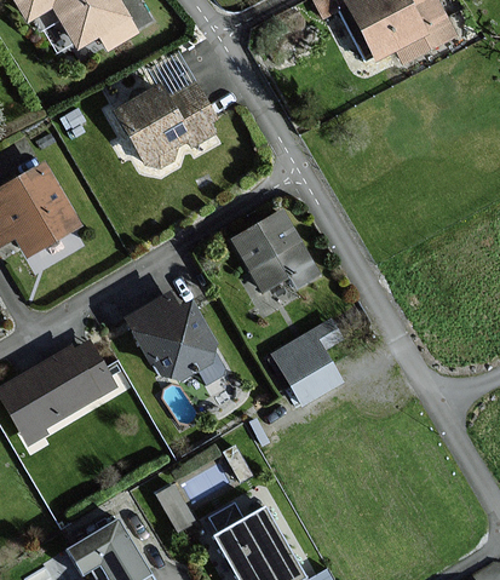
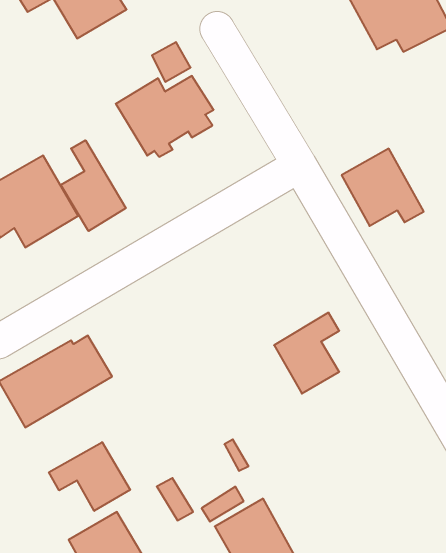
building: none -> [61,140,126,231]
building: [235,212,317,289] -> [342,149,424,226]
building: [127,295,214,378] -> none
building: none -> [49,442,130,511]

